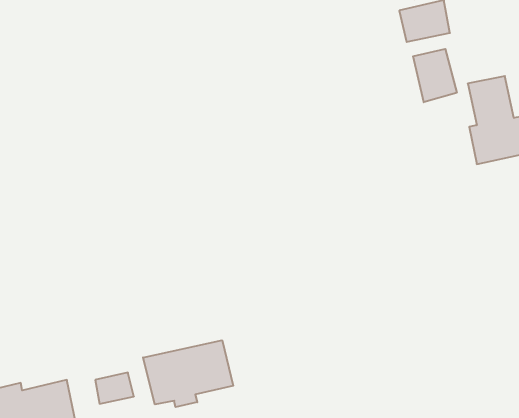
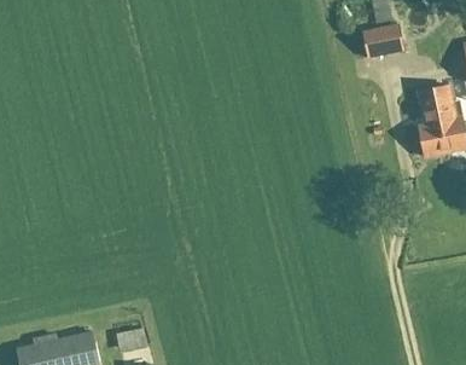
building: [413,49,457,102] -> none
building: [143,340,233,407] -> none

